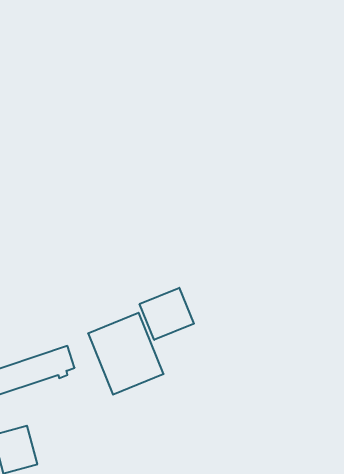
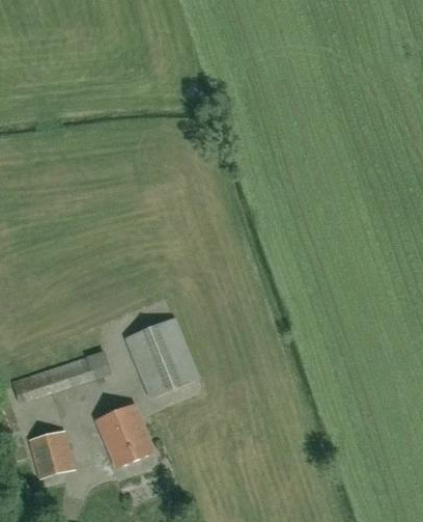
building: [140,288,194,340] -> none
building: none -> [95,404,153,468]

